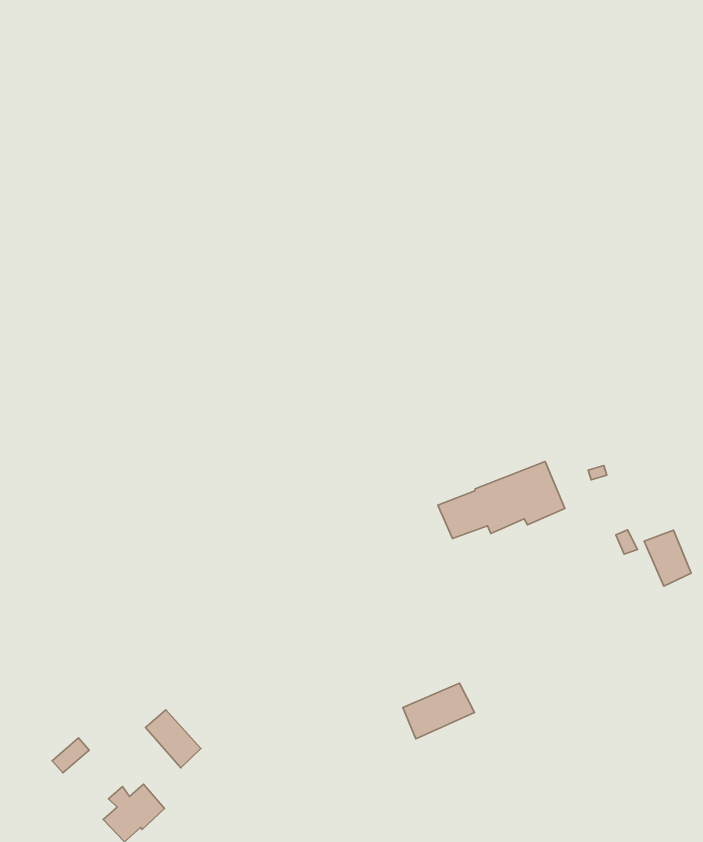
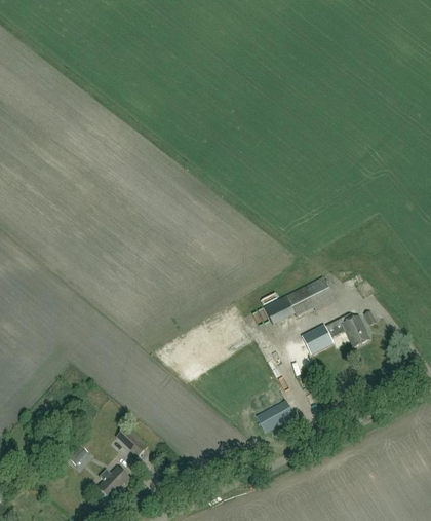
building: [644,530,691,586] -> [343,315,369,346]
building: none -> [302,324,334,353]

